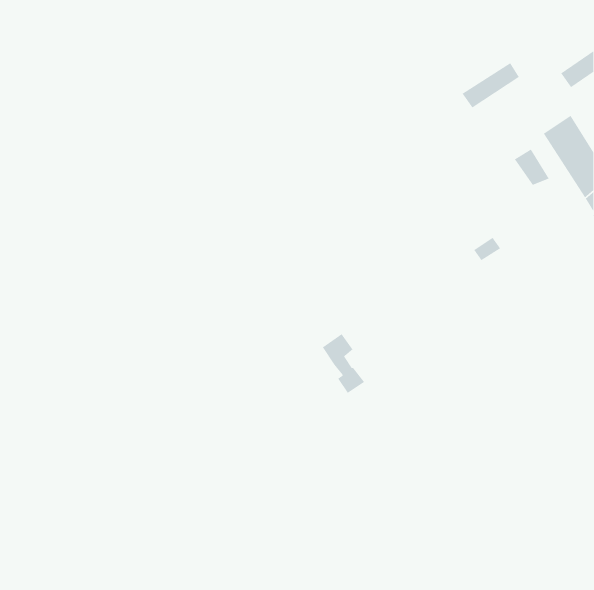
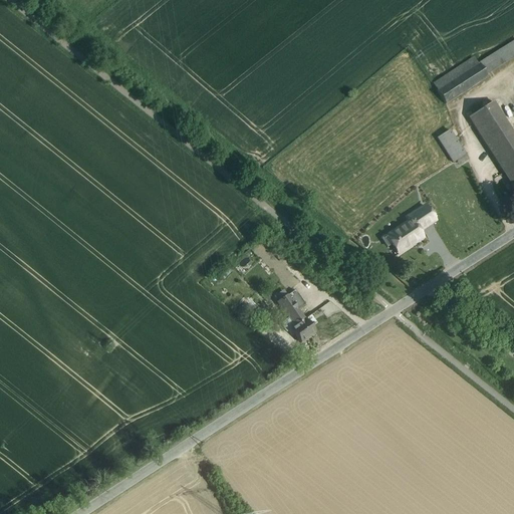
building: [462,62,520,109] -> [437,61,487,101]
building: none -> [381,216,422,251]

